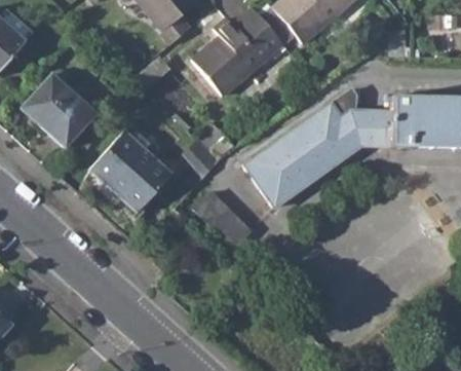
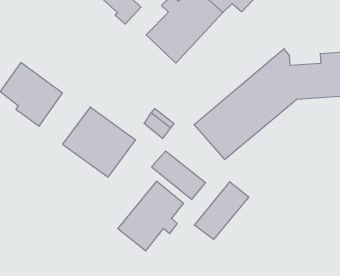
building: none -> [118,181,184,251]
building: none -> [194,182,249,239]

